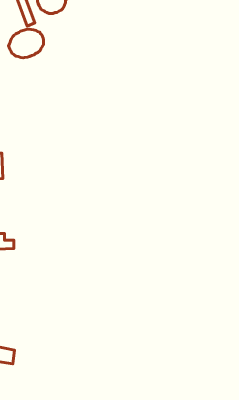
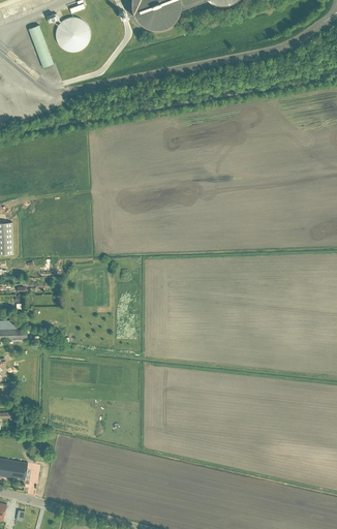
building: [9,29,44,58] -> none

